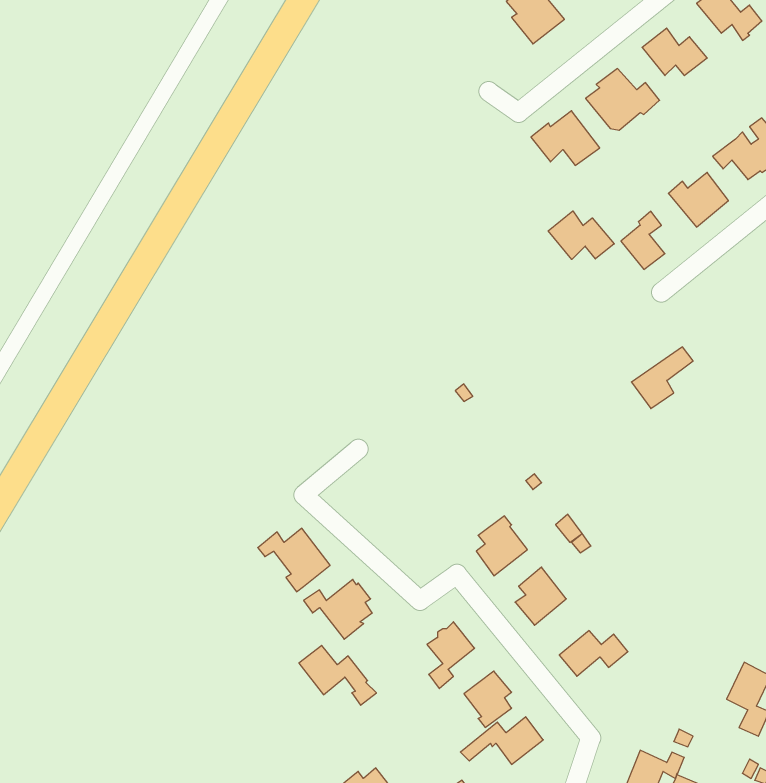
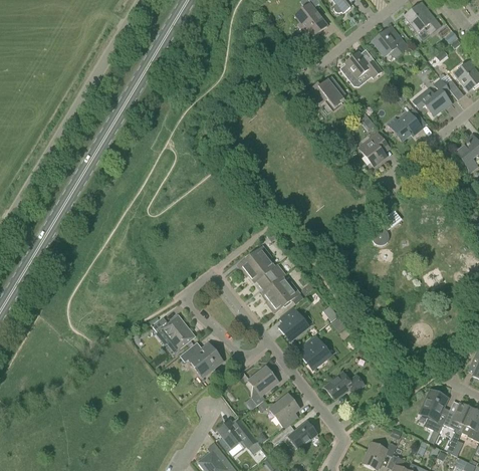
building: [548,211,614,259] -> none
building: none -> [237,244,299,311]
building: [299,645,376,705] -> [217,420,261,454]

